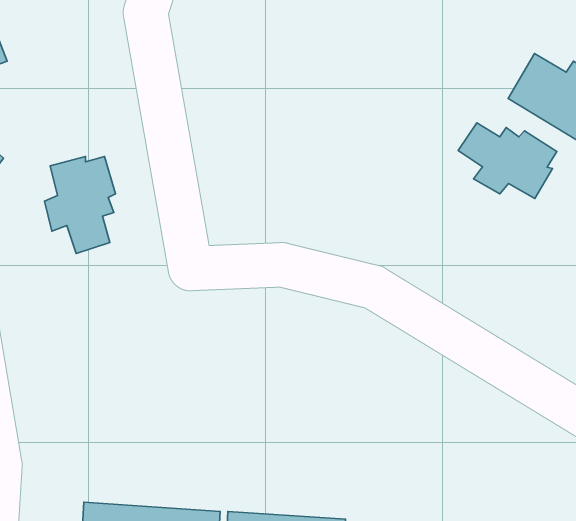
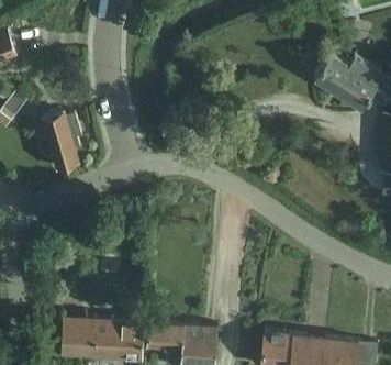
building: [458,123,557,199] -> none

